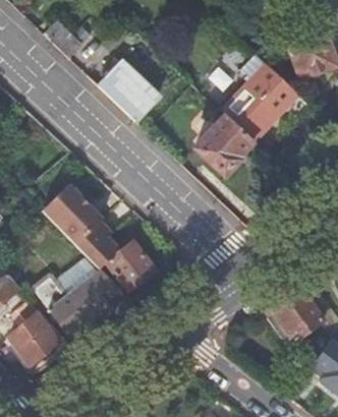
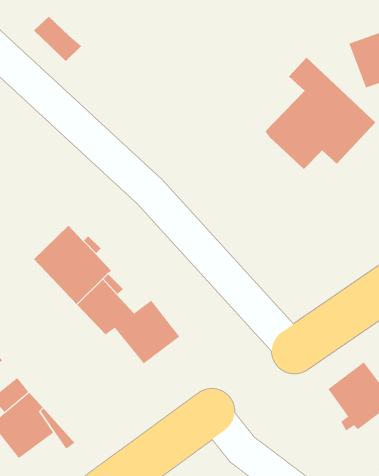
building: [98,61,158,120] -> none
building: [194,115,252,175] -> none
building: [33,272,123,337] -> none

